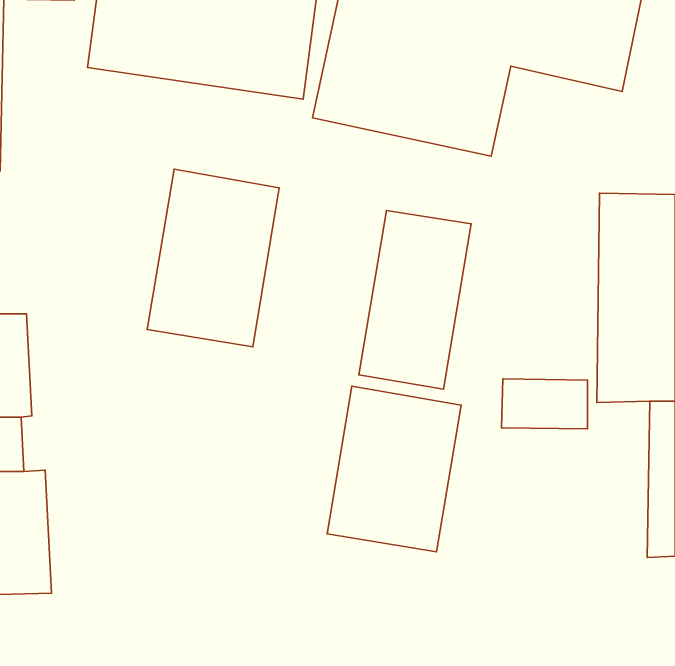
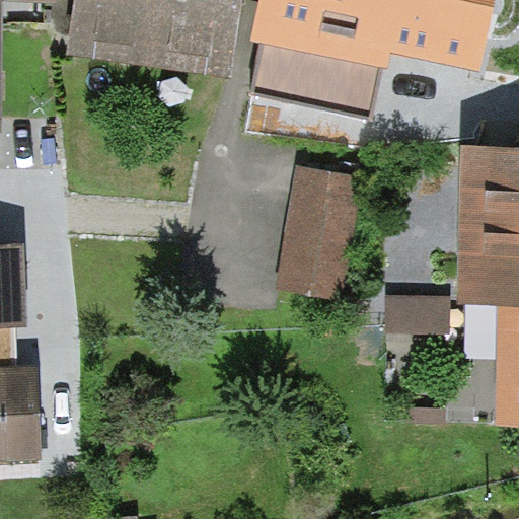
building: [147,169,279,347] -> none
building: [327,386,461,552] -> none

